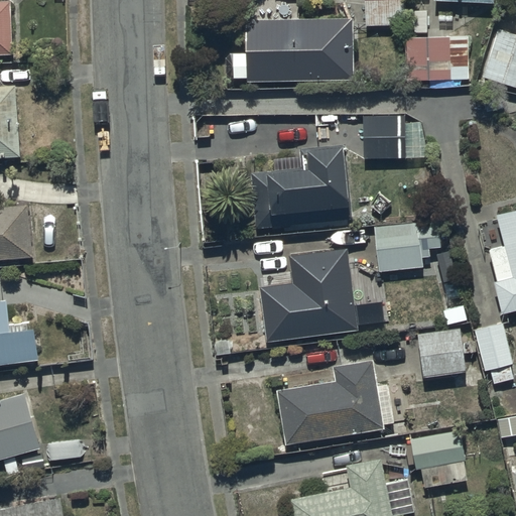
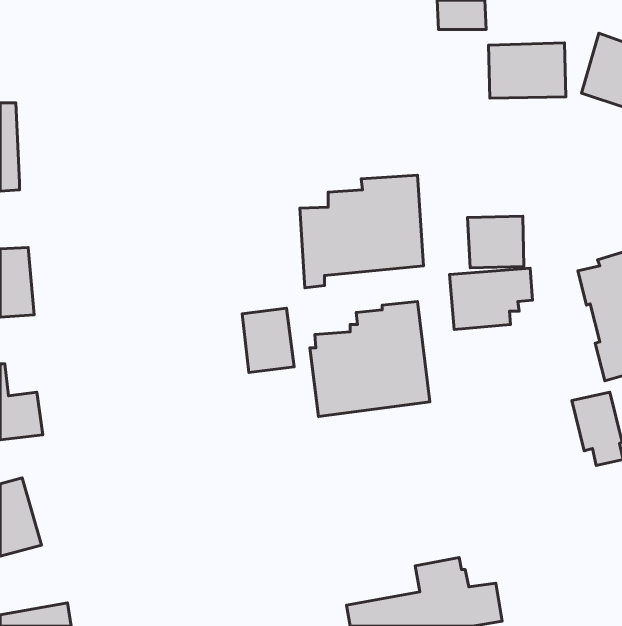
building: [230,18,353,81] -> none
building: [361,116,407,158] -> [468,216,524,268]
building: none -> [242,308,294,372]
building: [415,329,475,378] -> none
building: [275,361,392,444] -> none
building: [409,428,468,488] -> none

